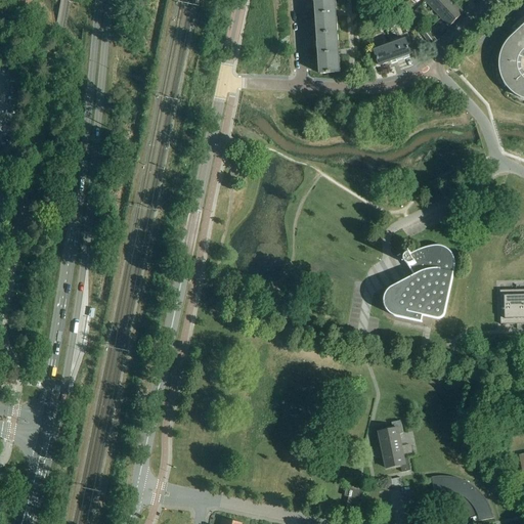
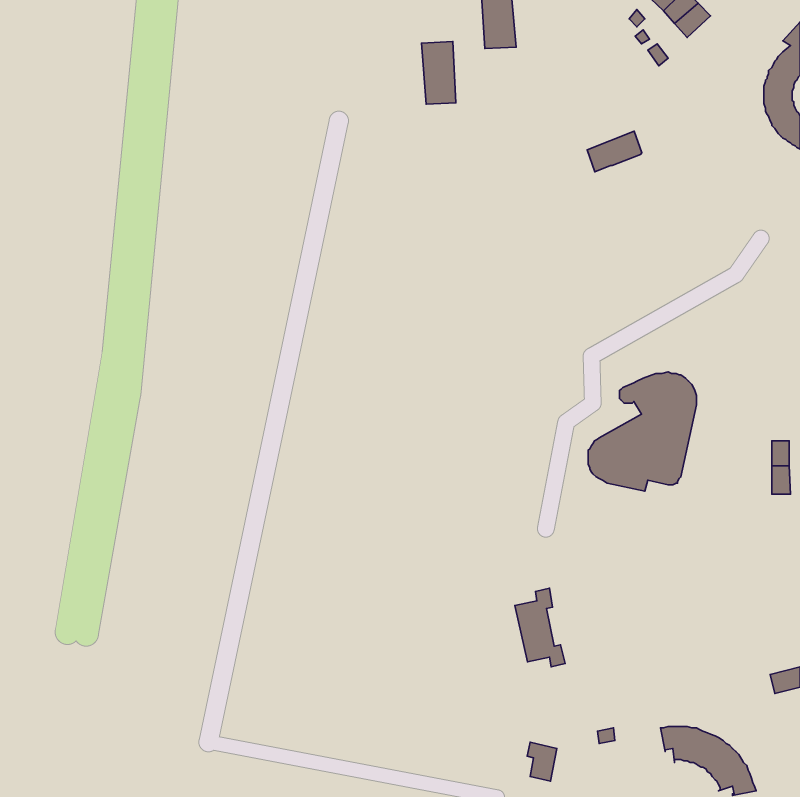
building: [316,31,339,72] -> [421,42,456,104]
building: [374,37,409,63] -> [587,131,642,172]
building: [378,419,410,470] -> [515,588,565,667]

